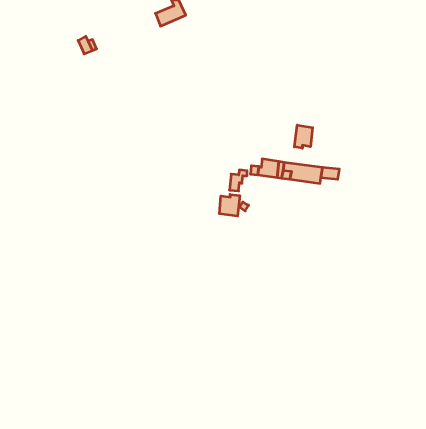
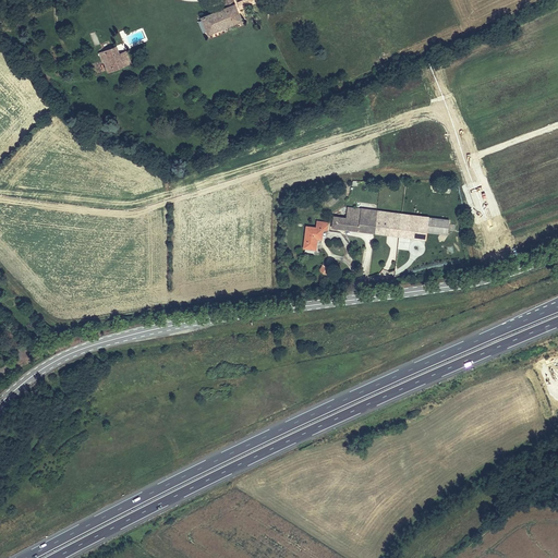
building: [294,125,313,148] -> none
building: [219,194,240,216] -> none

